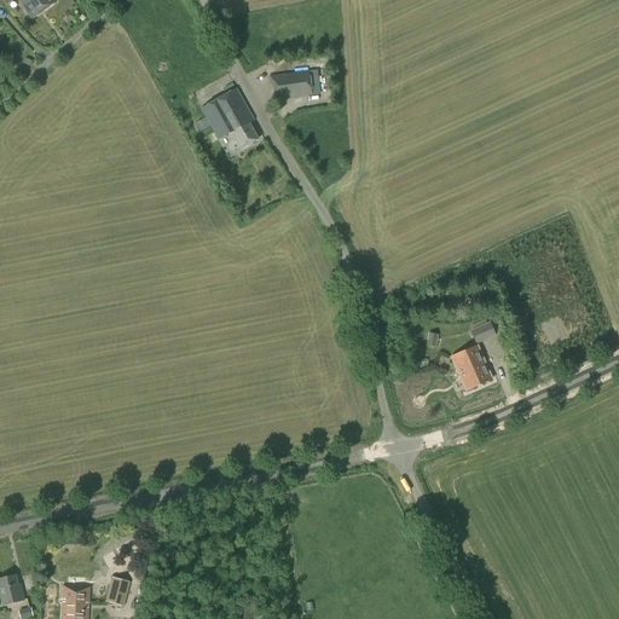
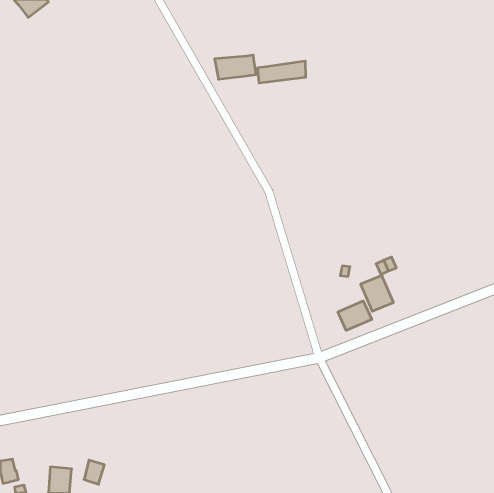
building: none -> [258,61,306,83]
building: [199,87,258,149] -> none
building: none -> [338,301,372,330]

